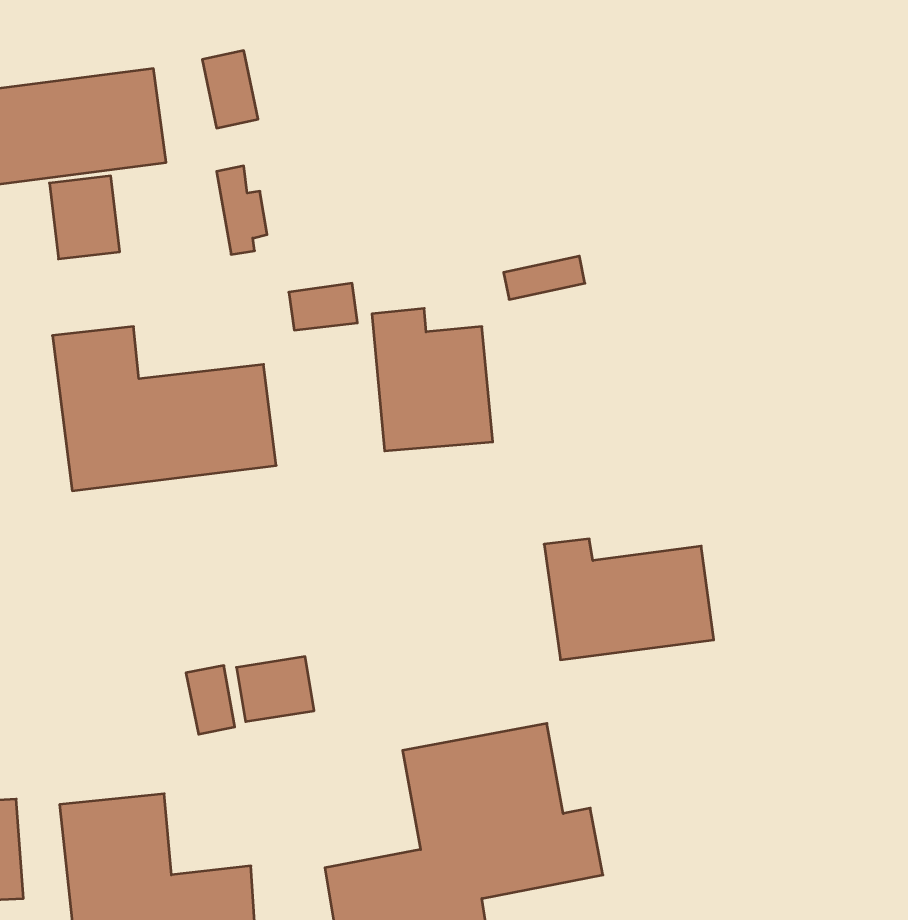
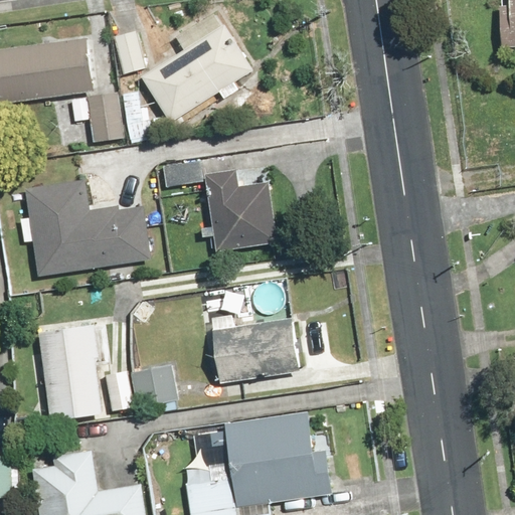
building: none -> [141,12,254,127]
building: [49,176,120,259] -> [84,95,124,141]
building: [544,539,714,660] -> [208,315,303,382]
building: none -> [39,325,104,421]

